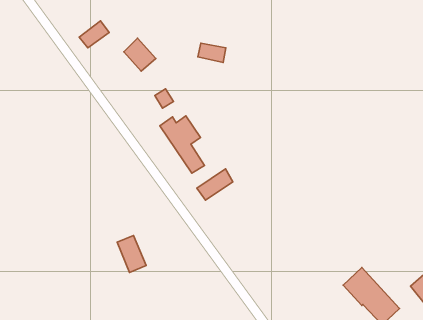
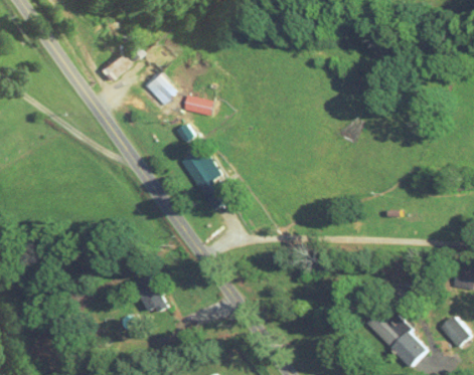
building: [198,43,226,63] -> [182,95,211,115]
building: [197,169,233,200] -> none

